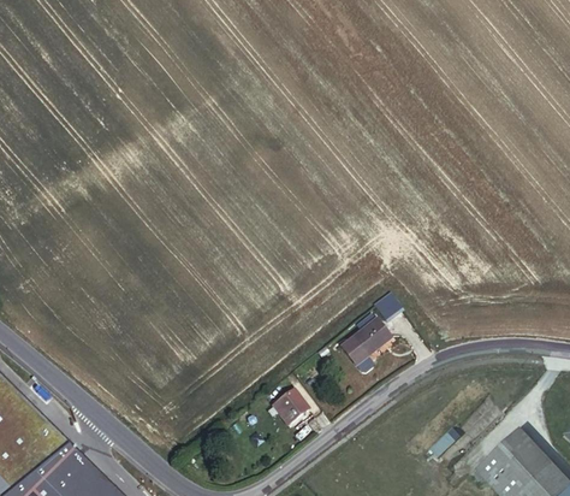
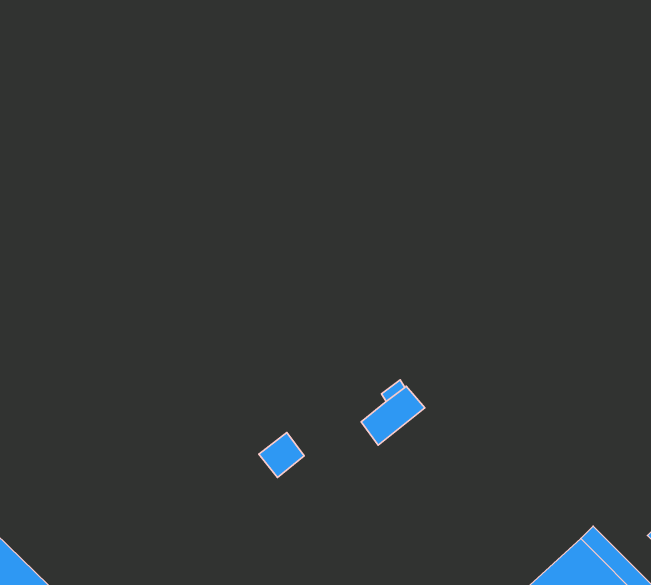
building: [272,390,307,425] -> [259,432,304,478]

